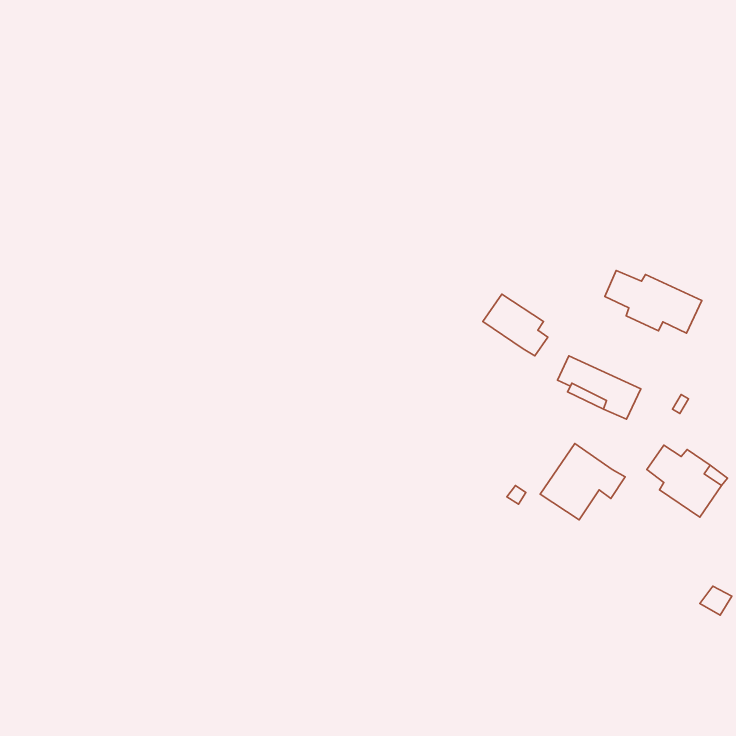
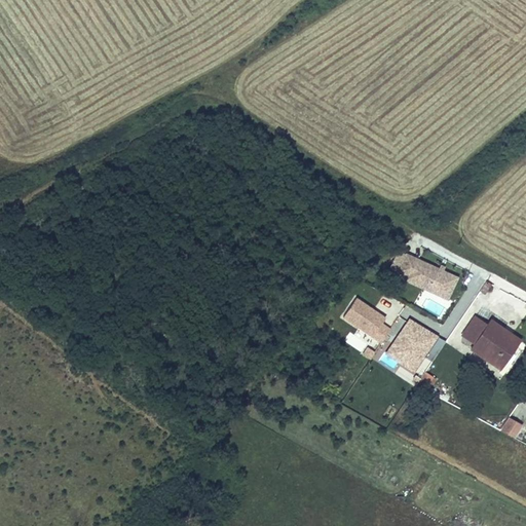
building: [605,271,702,333] -> none
building: [483,294,548,356] -> [344,297,390,341]

